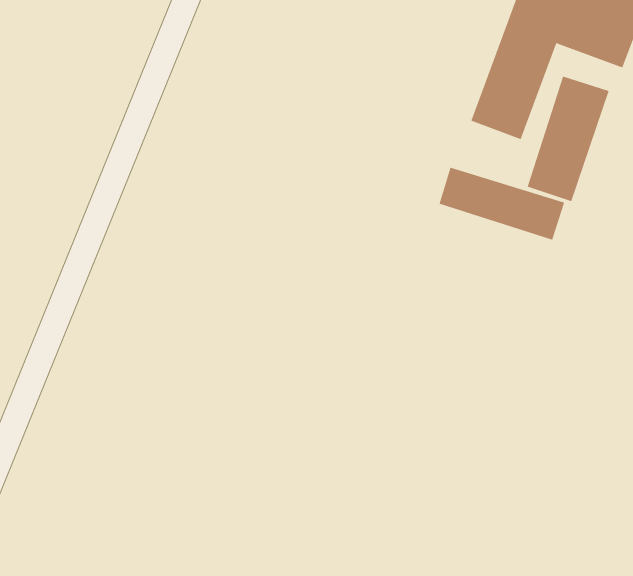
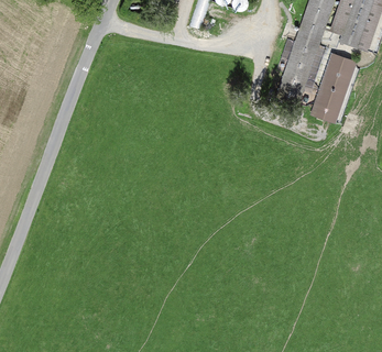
building: [439,167,565,241] -> none

